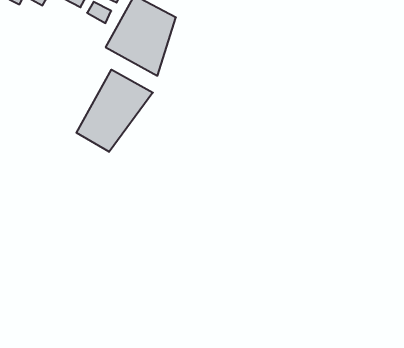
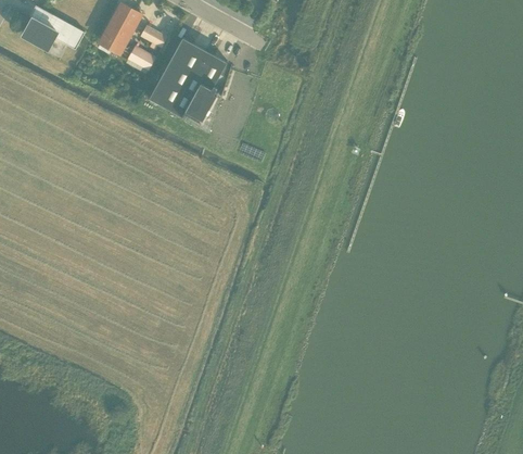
building: [76,70,153,152] -> none

